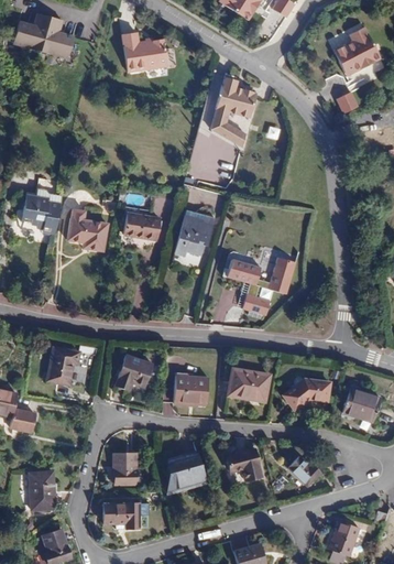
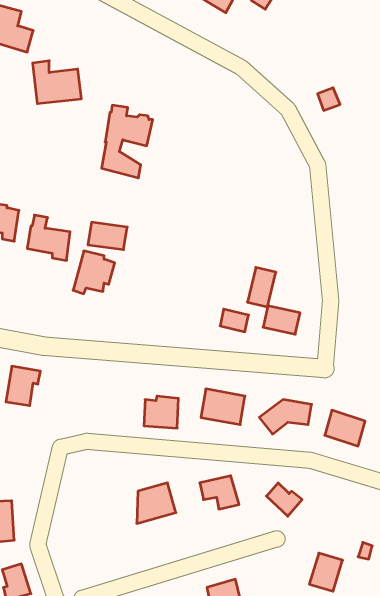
building: [337,24,382,70] -> none
building: [122,33,167,73] -> [33,61,81,104]
building: [210,79,258,147] -> [102,105,153,178]
building: [175,215,214,254] -> [73,251,115,294]
building: [229,258,263,284] -> [263,306,300,334]
building: [116,354,153,389] -> none
building: [112,453,135,484] -> none
building: [103,502,140,528] -> none

